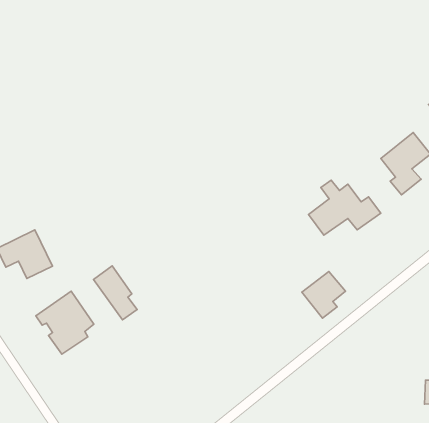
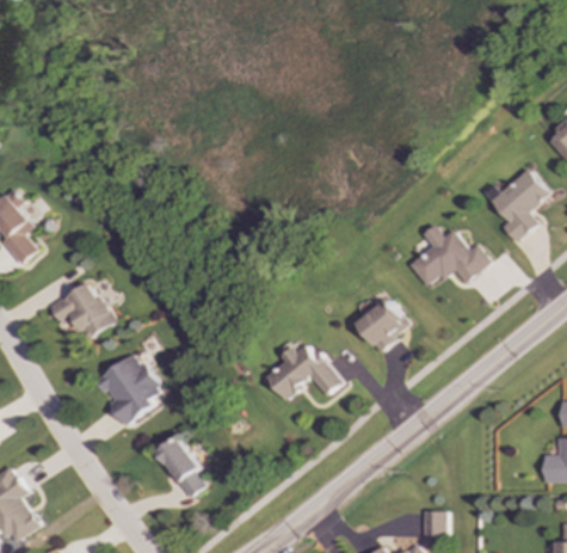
building: [94,266,137,320] -> [156,435,207,497]
building: [302,271,345,318] -> [358,297,408,351]
building: none -> [266,342,344,399]

